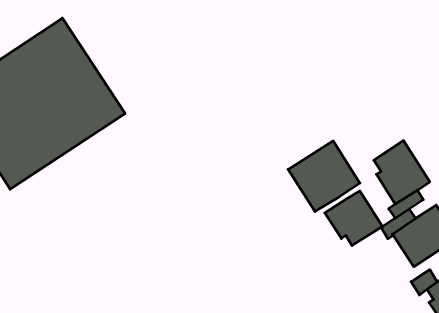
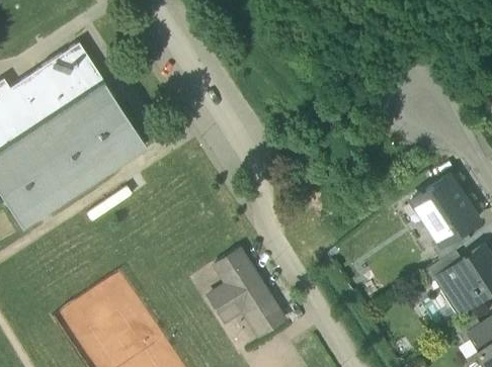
building: [288,141,360,212] -> none
building: [325,191,383,246] -> none
building: none -> [209,251,283,331]

